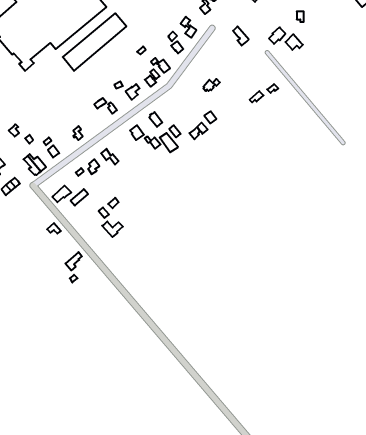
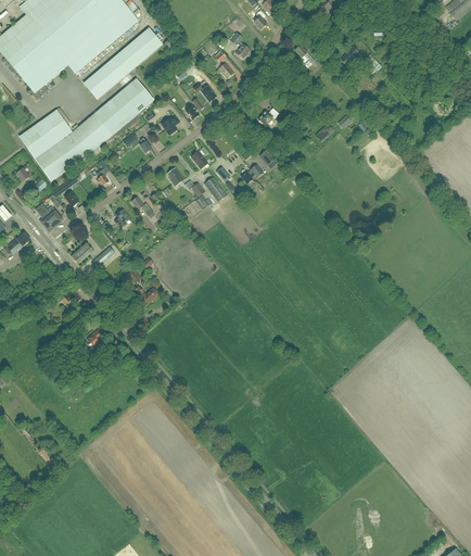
building: none -> [20,78,153,180]

